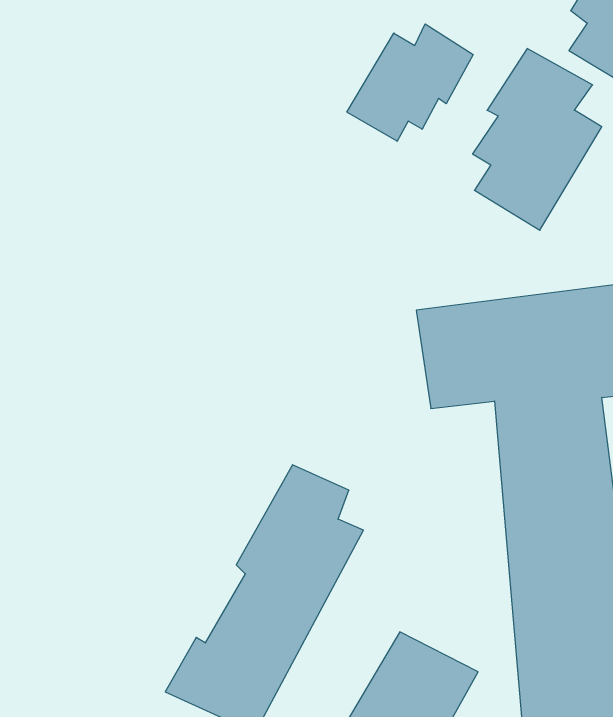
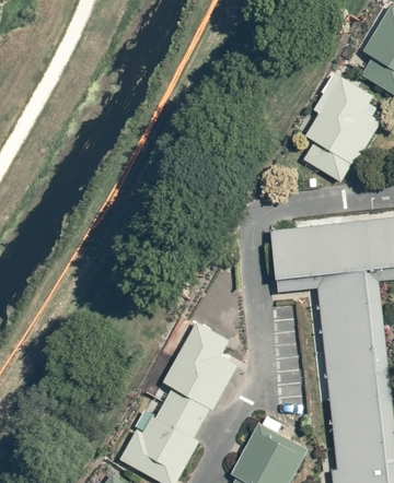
building: [347,24,473,141] -> none

